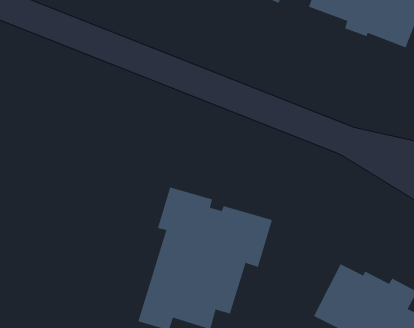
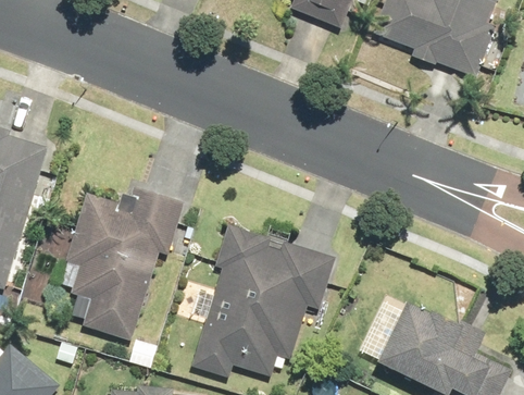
building: none -> [65,186,183,341]

